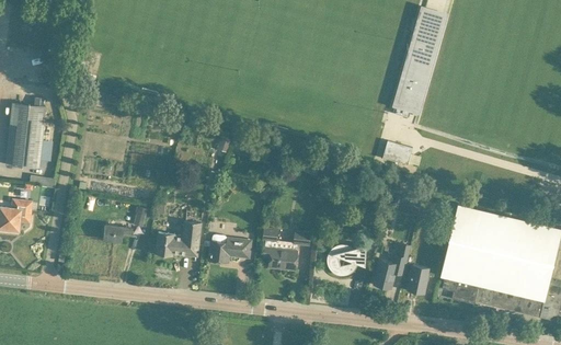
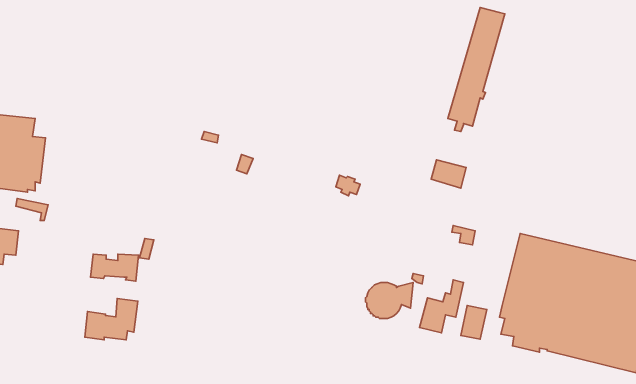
building: [156,221,201,256] -> [85,299,138,340]
building: [261,227,309,268] -> none
building: [208,234,250,263] -> none

